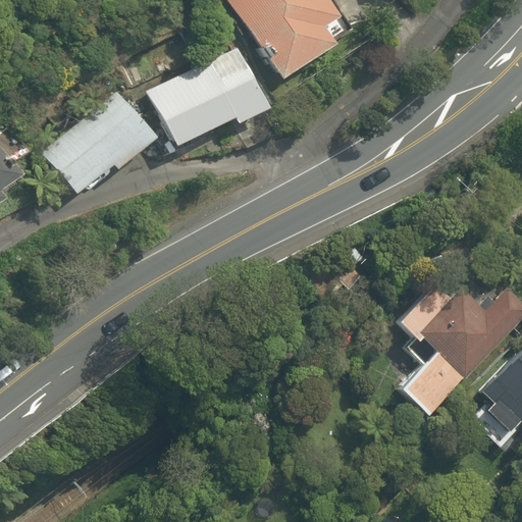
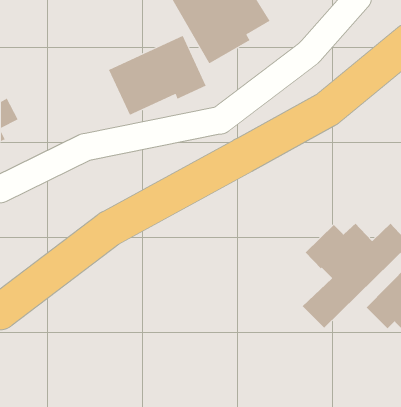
building: [43,89,157,192] -> none

